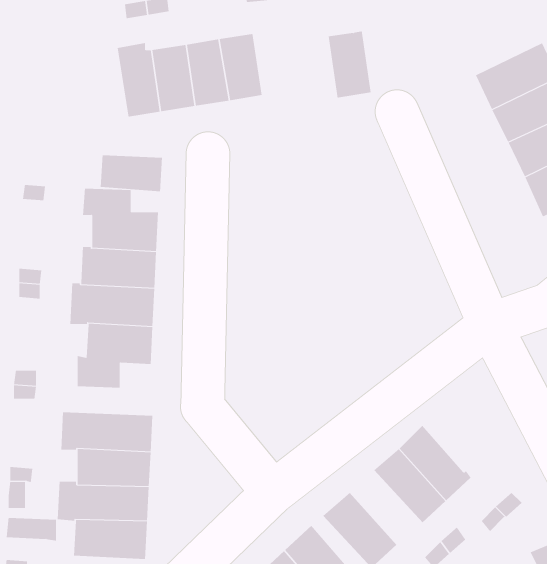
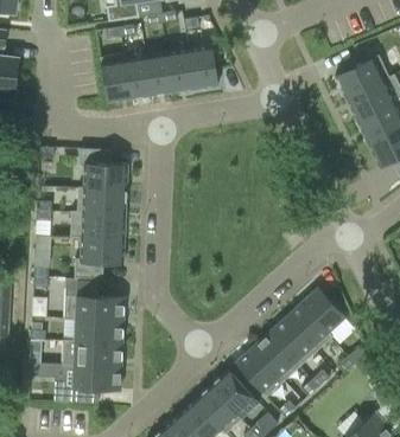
building: [328,31,371,98] -> [190,45,218,89]
building: [100,155,163,192] -> none
building: none -> [300,287,347,334]
building: none -> [253,333,300,381]

